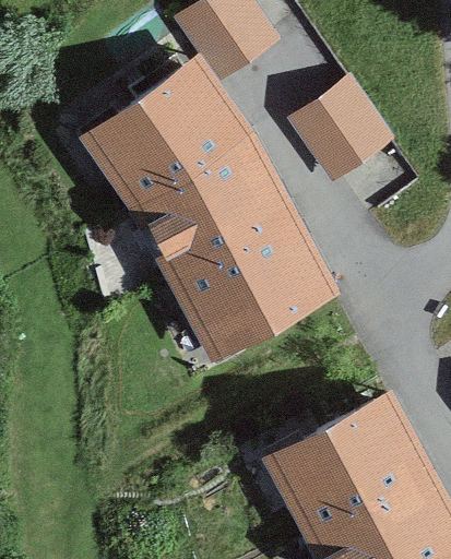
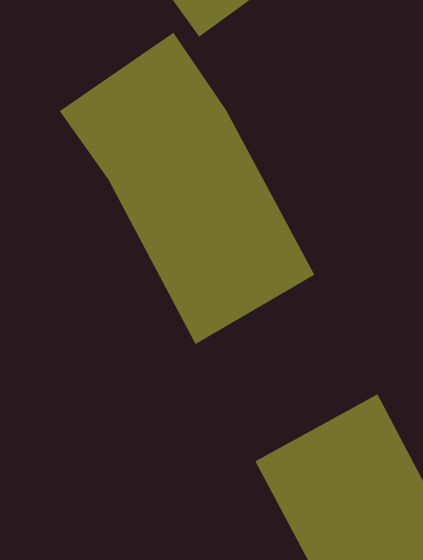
building: [292,79,393,181] -> none

